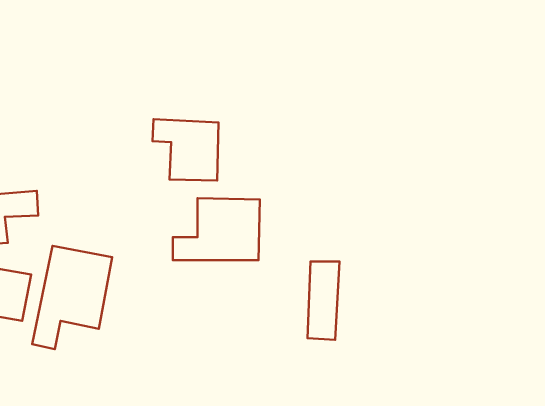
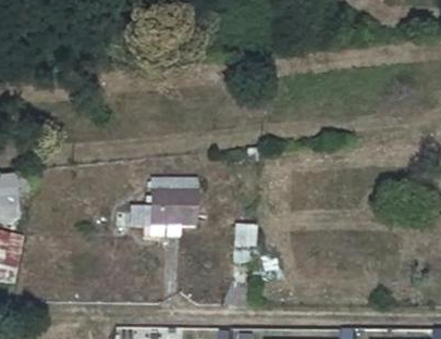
building: [152,119,218,181] -> none
building: [32,246,112,349] -> none

